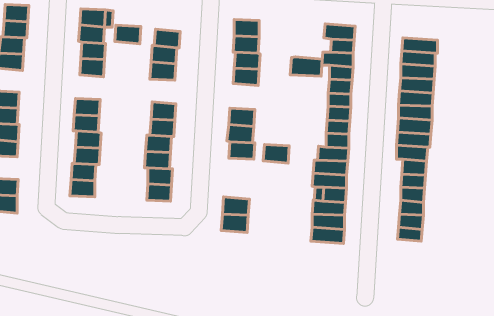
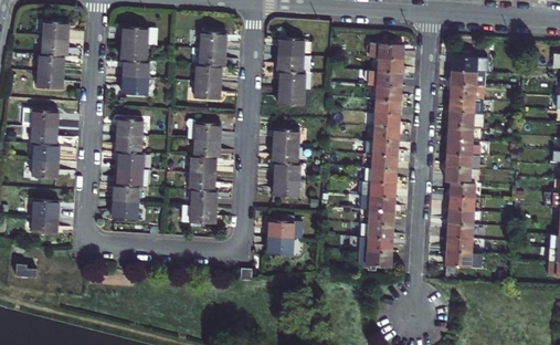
building: [115,25,141,44] -> [199,30,225,49]
building: [290,57,322,76] -> none
building: [263,145,289,163] -> [273,178,299,197]

